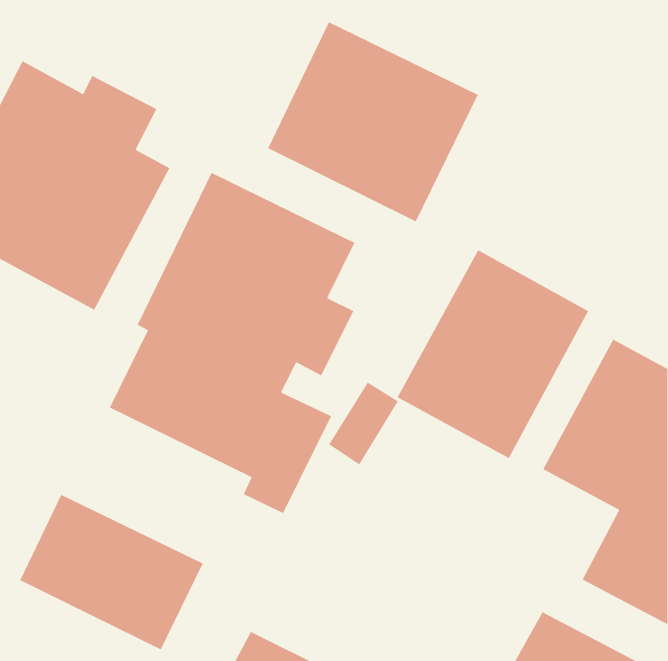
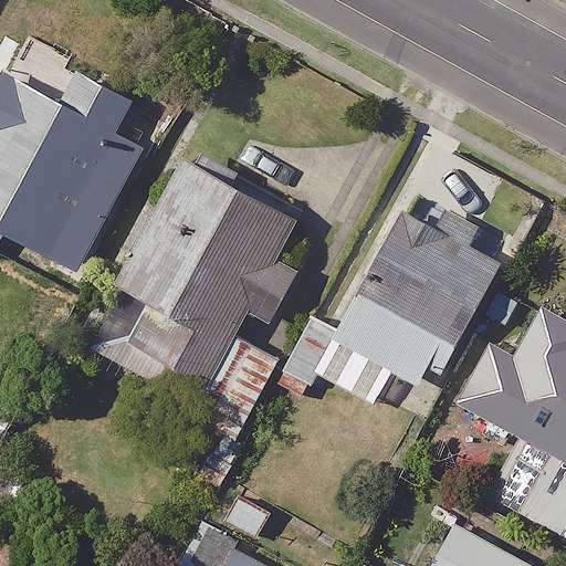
building: [267,21,479,222] -> none
building: [19,494,204,651] -> none

